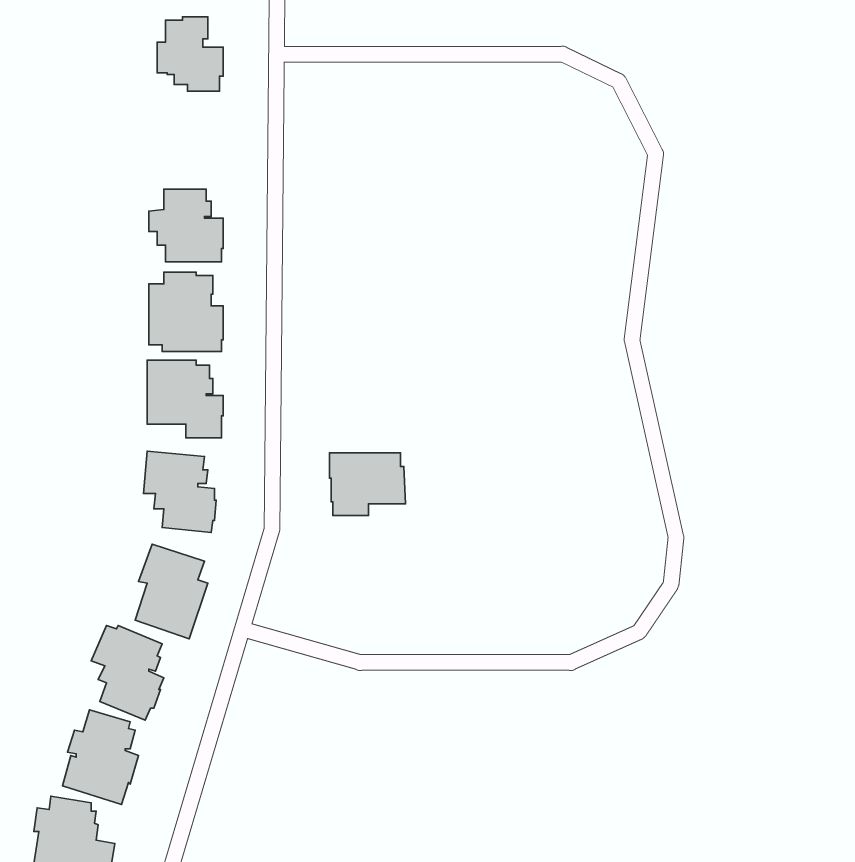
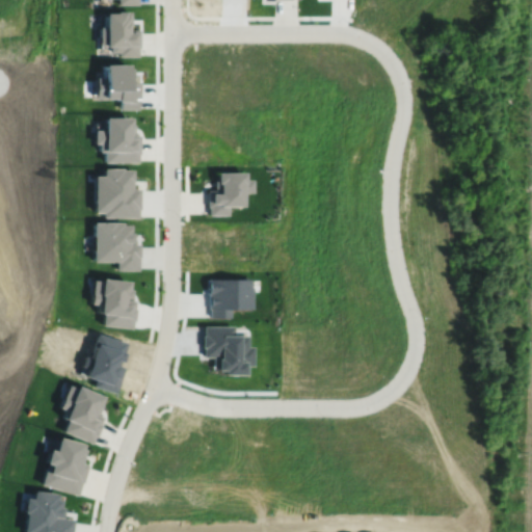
building: none -> [98,65,142,109]
building: none -> [210,172,257,215]
building: none -> [202,327,255,376]

